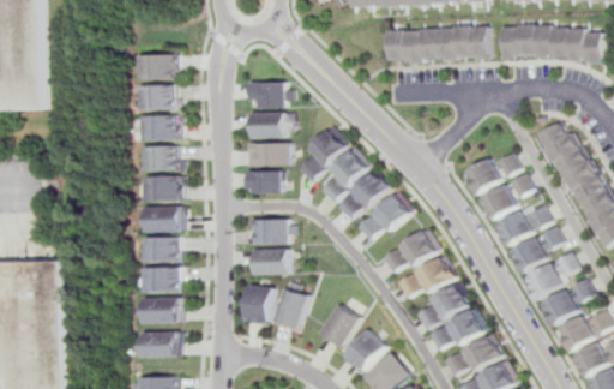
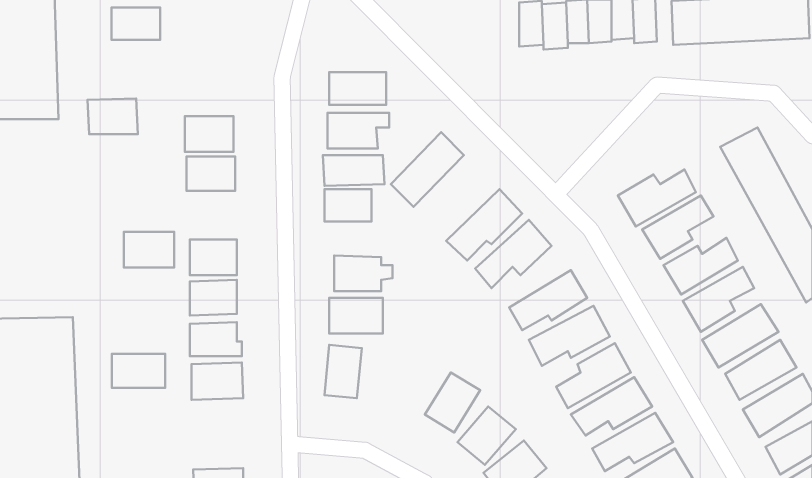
building: [139,54,175,78] -> [112,8,160,40]
building: [139,83,176,109] -> [87,98,138,134]
building: [315,148,371,203] -> none
building: [143,174,180,201] -> [124,232,174,268]
building: [273,281,308,331] -> none
building: [146,331,186,357] -> [112,354,165,388]

